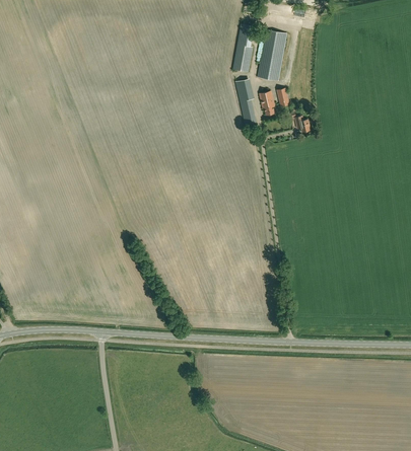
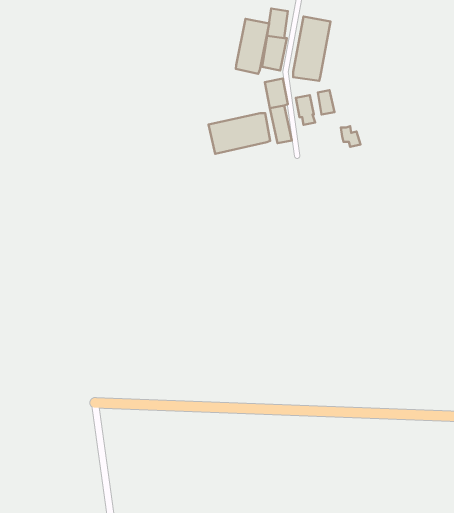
building: none -> [236,19,269,74]
building: none -> [208,113,270,154]

